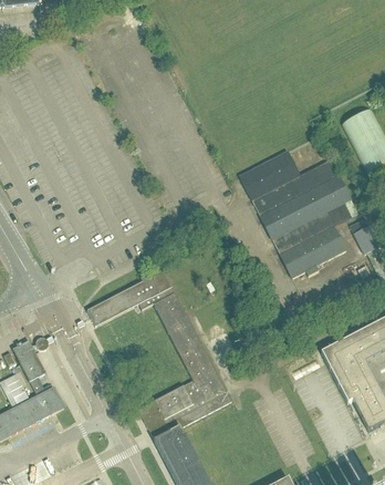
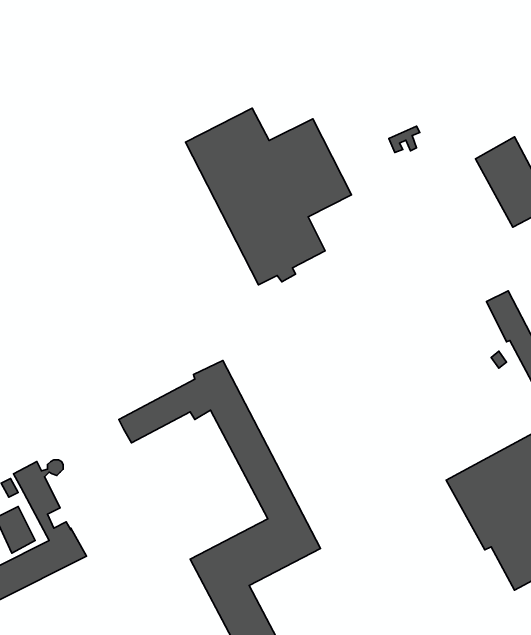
building: [239,151,357,277] -> [186,108,351,285]

